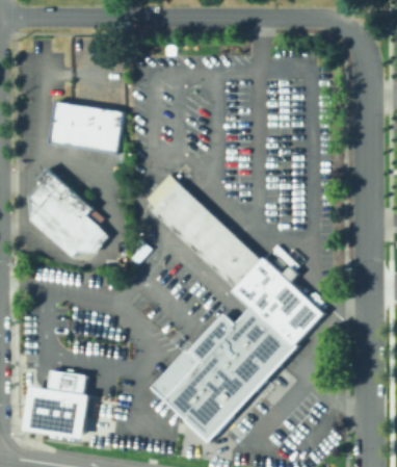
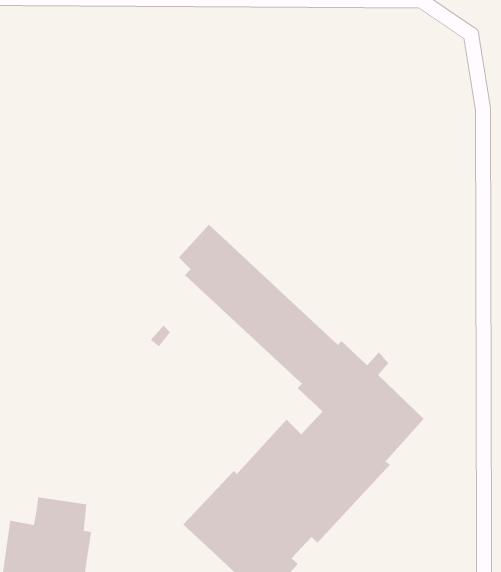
building: [48,99,122,152] -> none
building: [30,166,109,255] -> none

